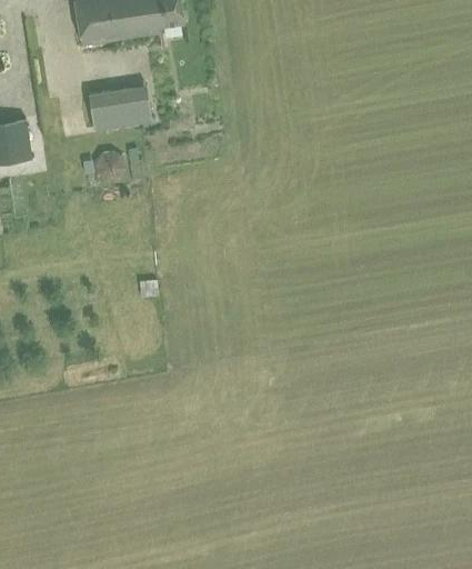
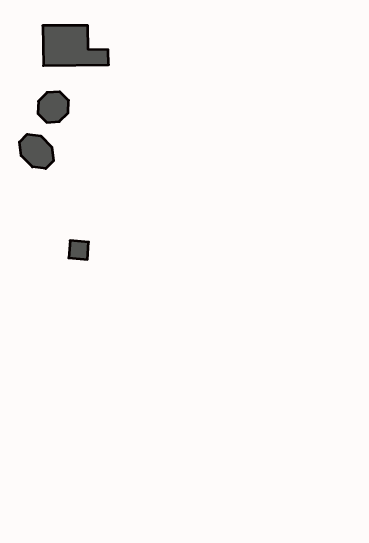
building: none -> [19,134,54,169]

